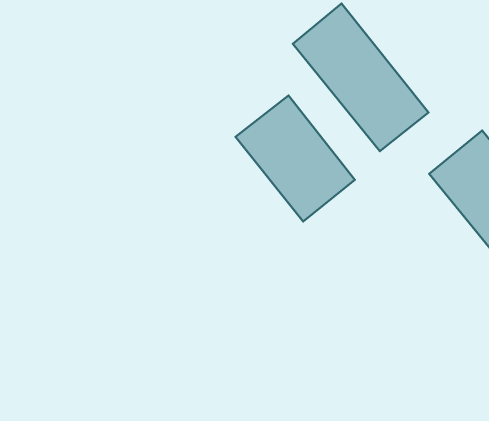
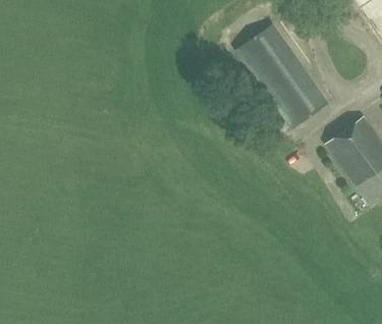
building: [235,95,355,221] -> none

